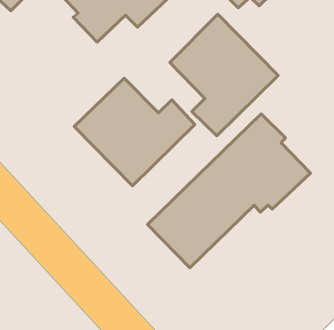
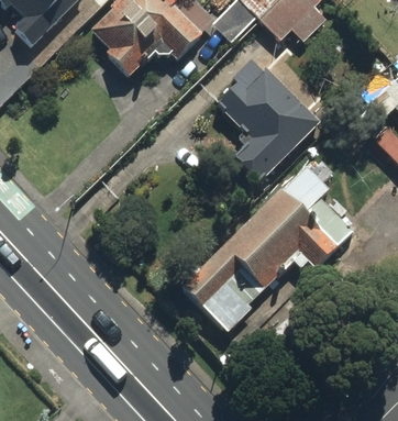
building: [74,78,195,186] -> none

